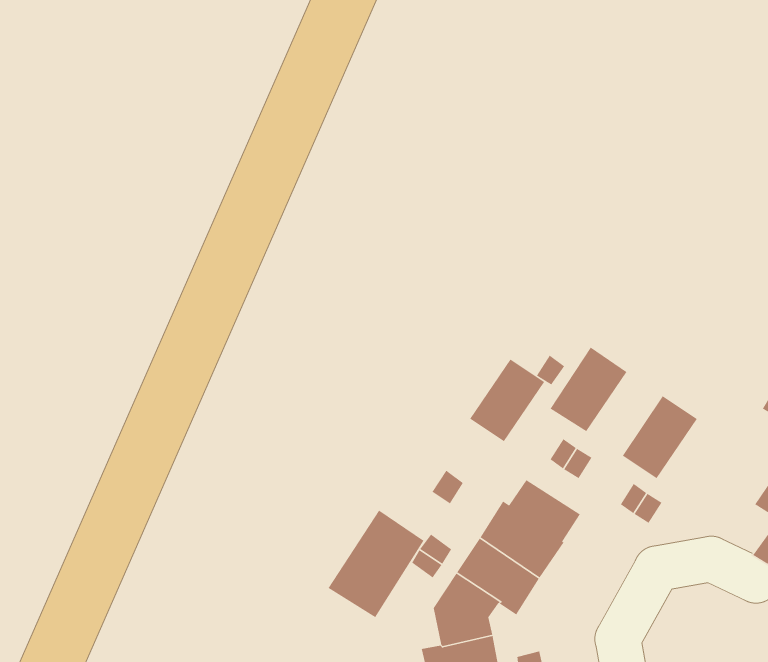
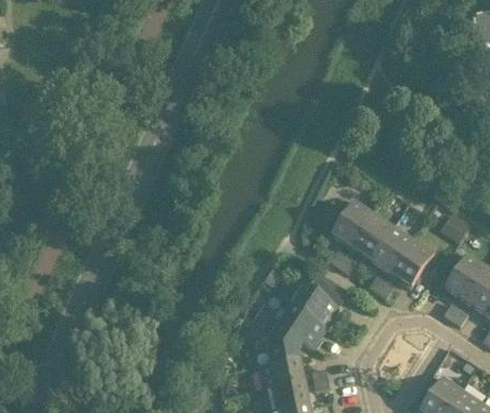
building: [469,359,545,442] -> [351,214,394,260]
building: none -> [390,240,434,287]
building: [328,509,425,618] -> none

